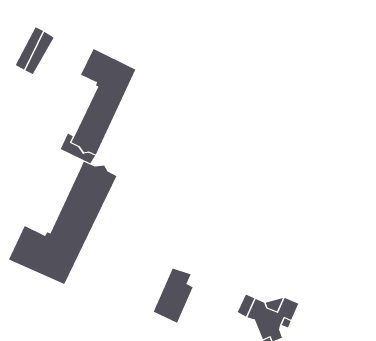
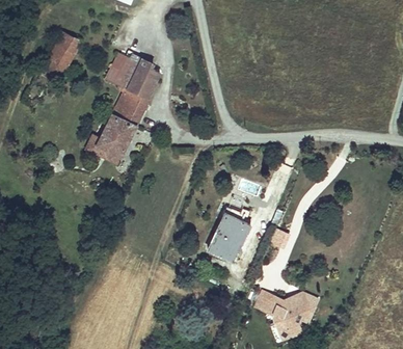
building: [8,161,117,285] -> none
building: [153,268,194,324] -> [208,207,247,261]

